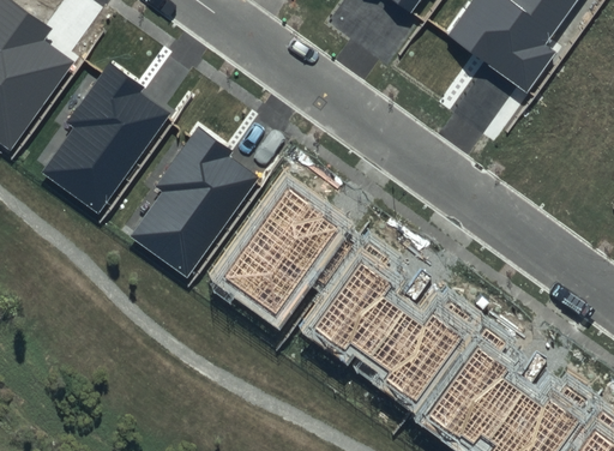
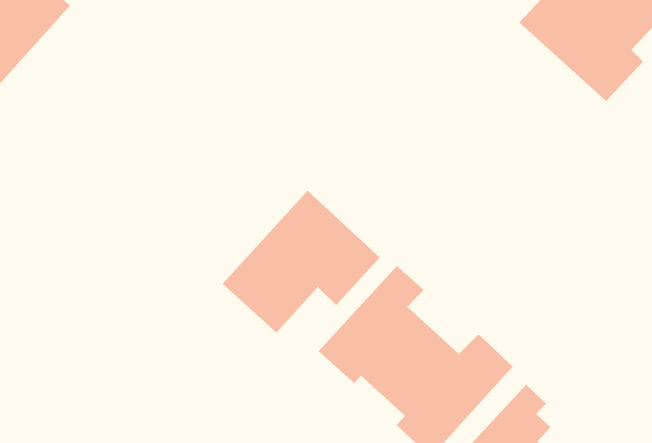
building: [38,61,169,216] -> none
building: [128,127,255,276] -> none

